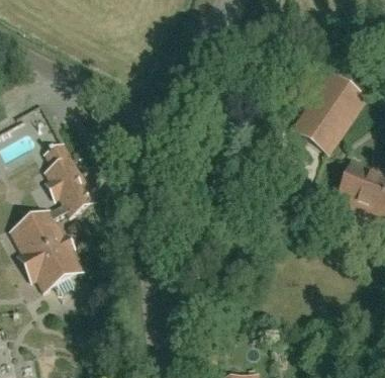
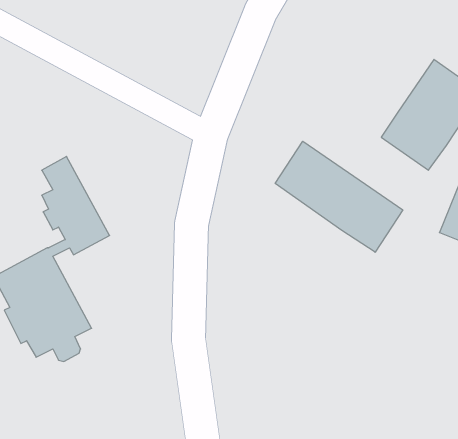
building: none -> [275,141,403,252]

